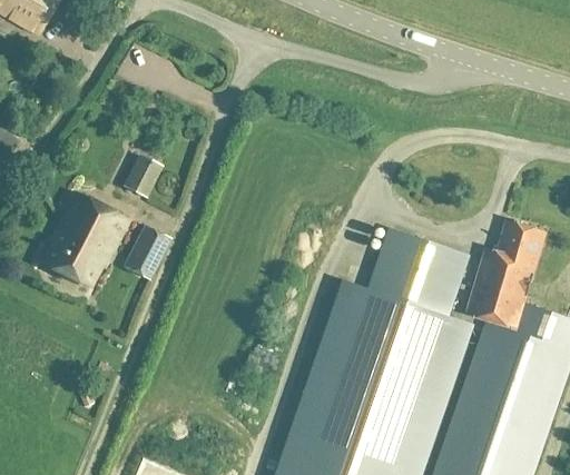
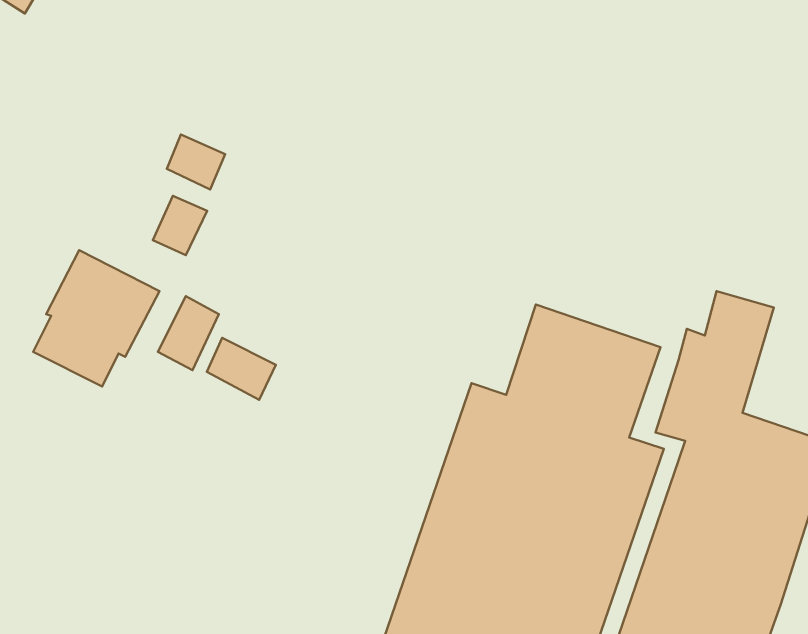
building: none -> [167,135,225,190]
building: none -> [207,338,276,400]

